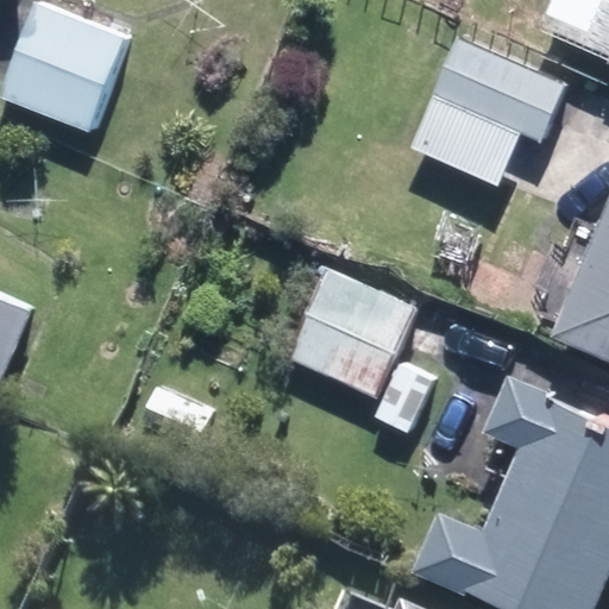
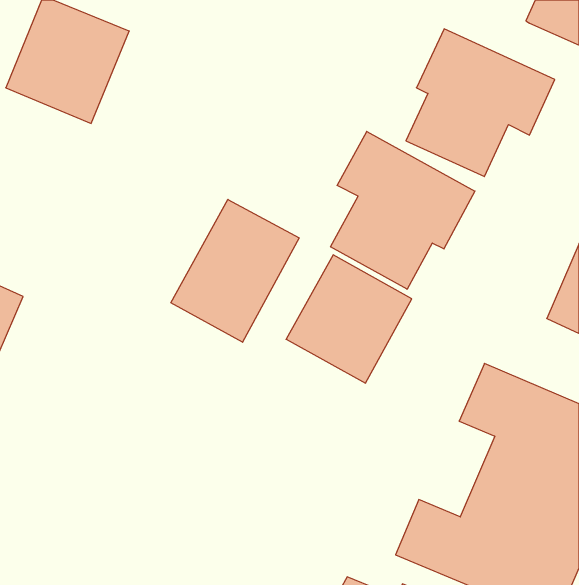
building: none -> [331,131,475,289]
building: none -> [171,199,299,342]

